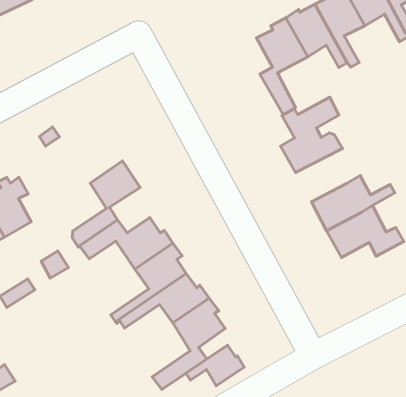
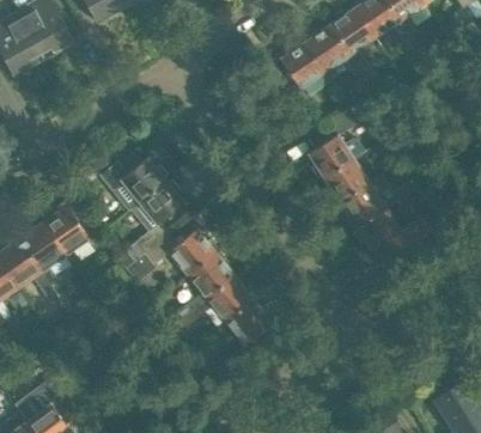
building: none -> [103,154,168,201]
building: none -> [324,139,389,201]
building: [186,345,244,386] -> none

